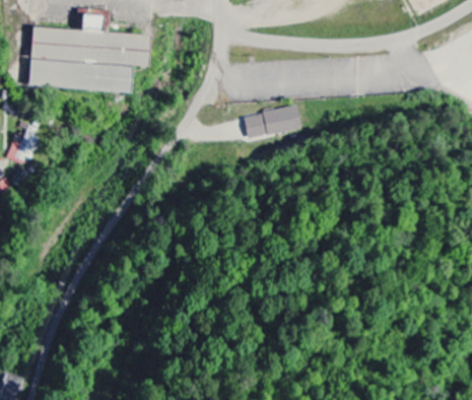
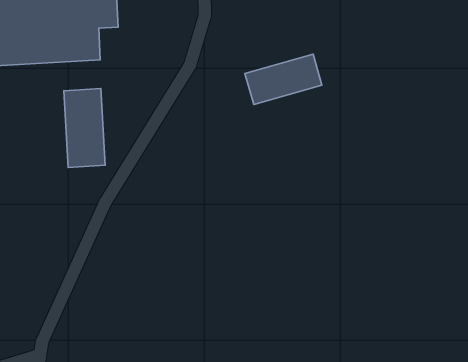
building: none -> [64,89,105,167]

